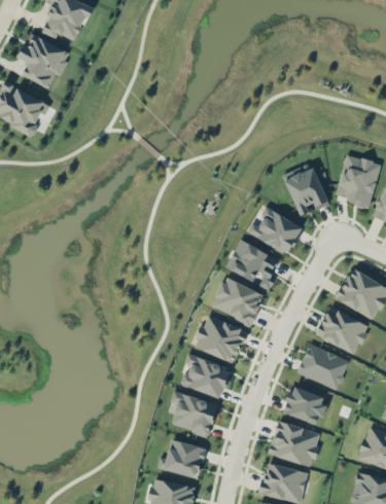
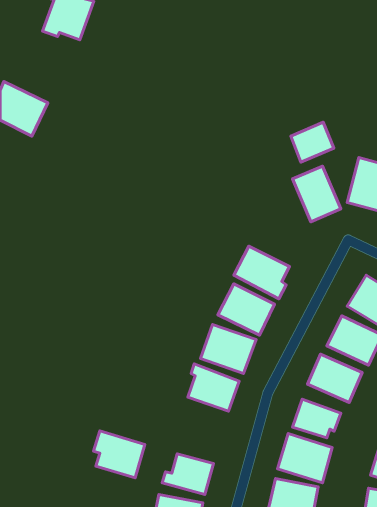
building: [17,33,71,87] -> none
building: none -> [291,122,334,162]
building: [250,207,303,253] -> none
building: [169,391,218,436] -> [94,431,145,478]

